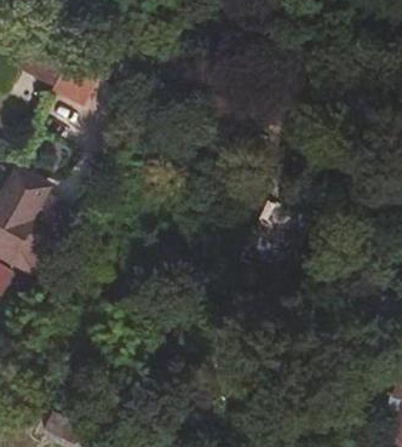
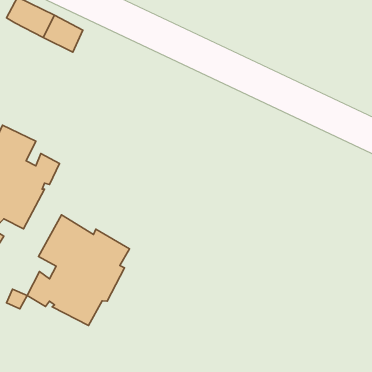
building: none -> [27,215,129,326]

